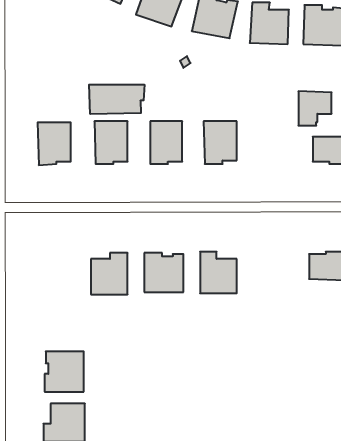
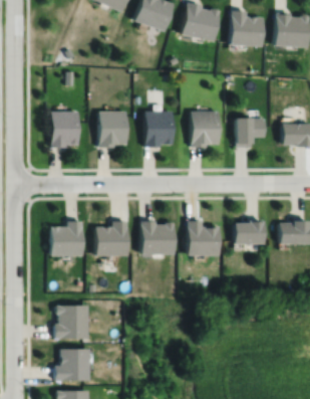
building: [89,85,144,114] -> none
building: [298,91,332,126] -> [237,118,265,147]
building: none -> [50,221,82,256]
building: none -> [235,221,264,245]

